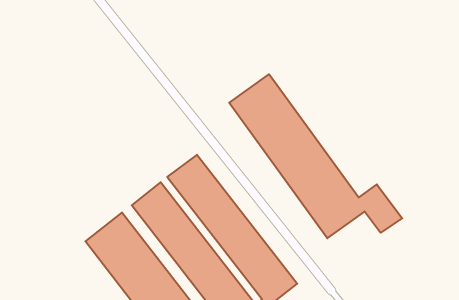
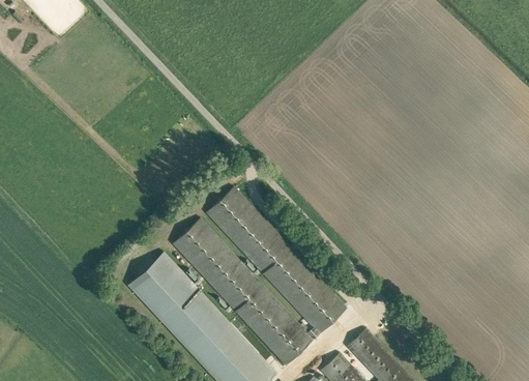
building: [229,74,402,238] -> none

